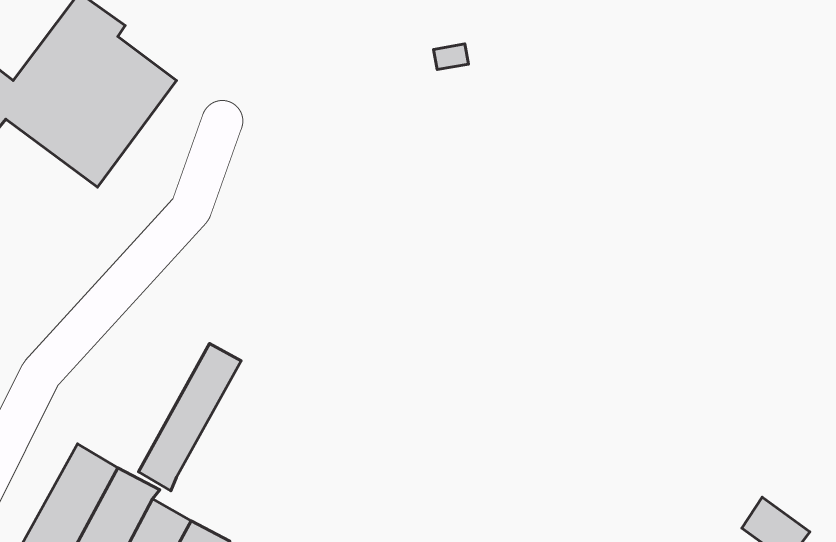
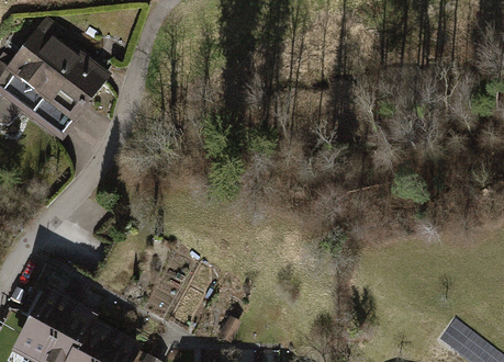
building: [138,343,241,491] -> none

